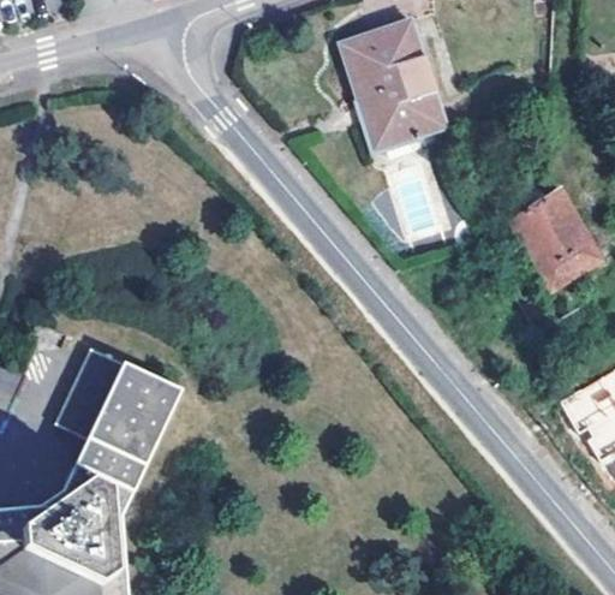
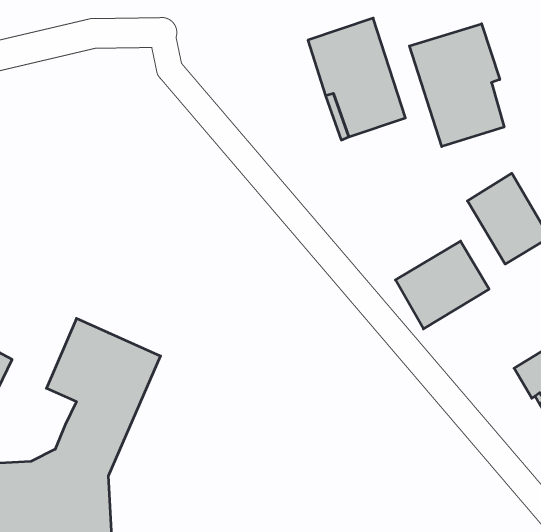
building: none -> [409,24,504,147]
building: none -> [395,241,489,329]

